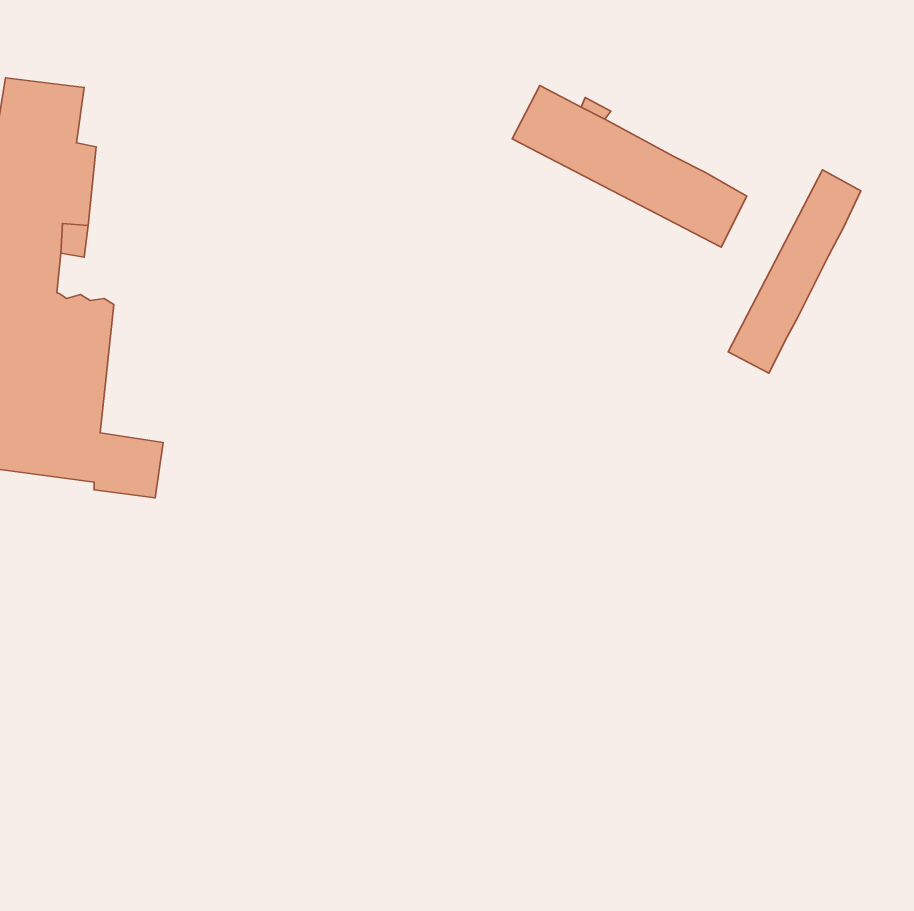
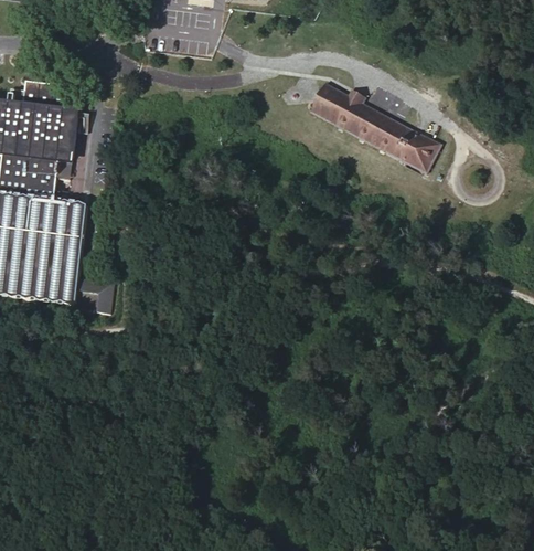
building: [728,170,861,373] -> none

